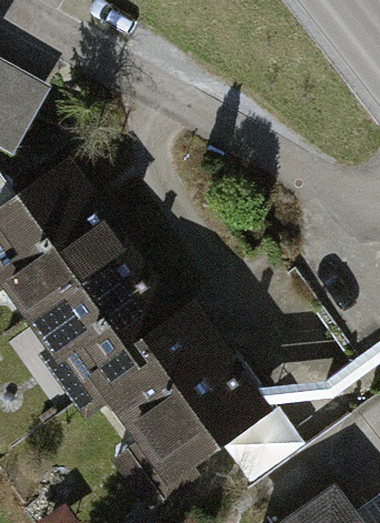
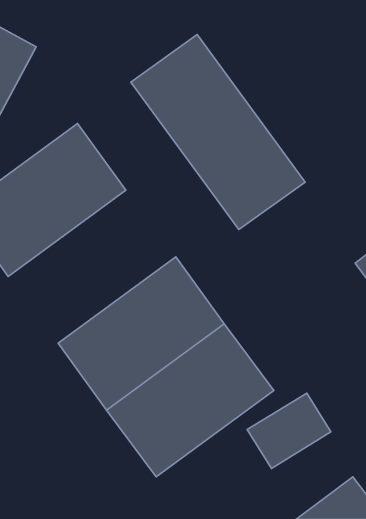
building: none -> [131,35,305,230]
building: [14,221,168,361] -> none

